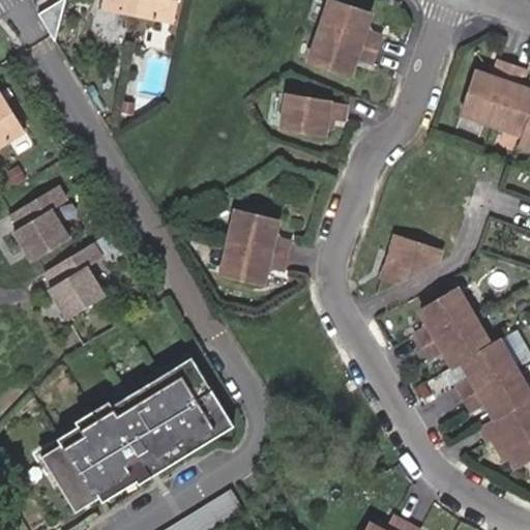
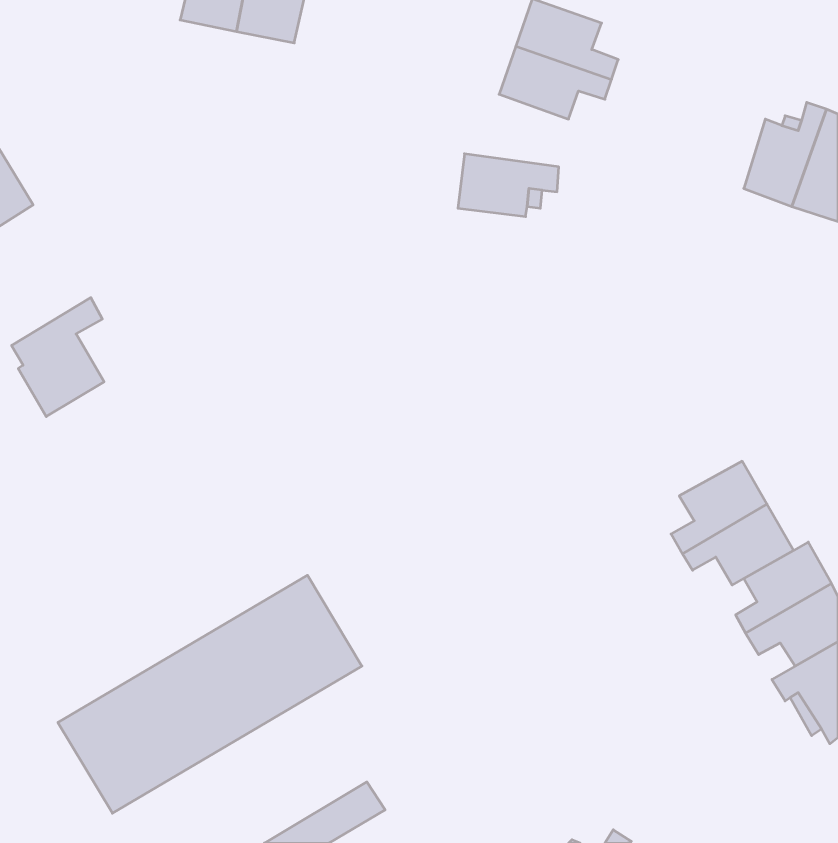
building: [217,209,288,283] -> none
building: [384,232,450,284] -> none
building: [40,242,102,319] -> none

